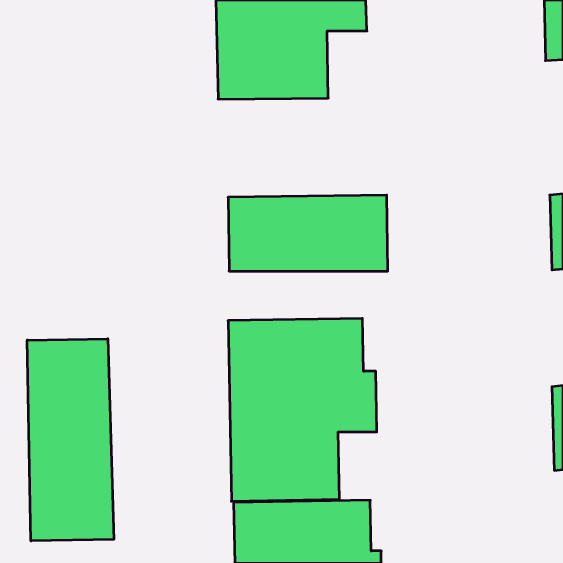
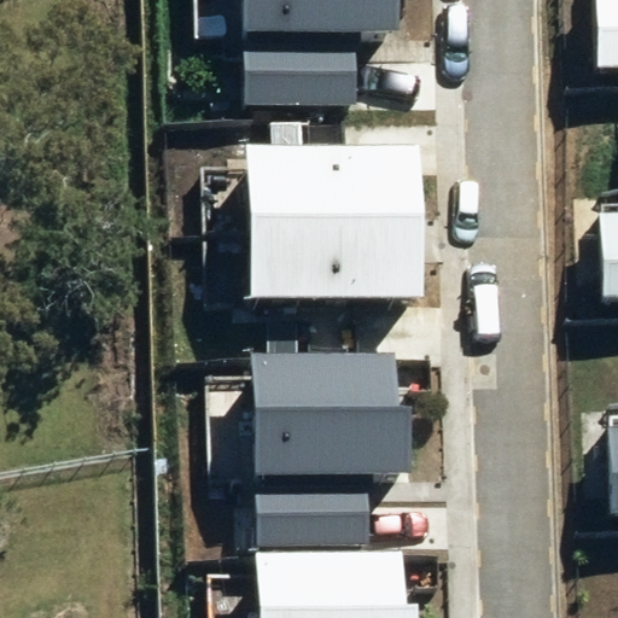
building: none -> [249,142,424,216]
building: [27,339,114,541] -> none

